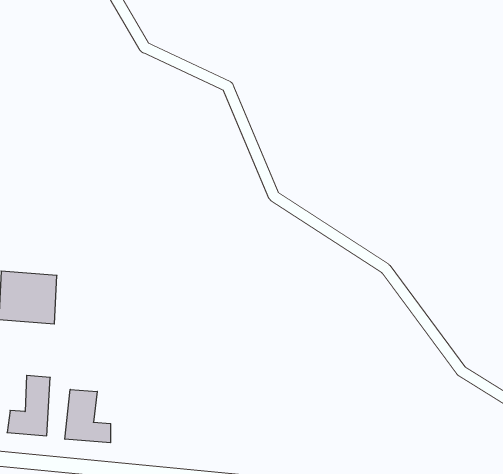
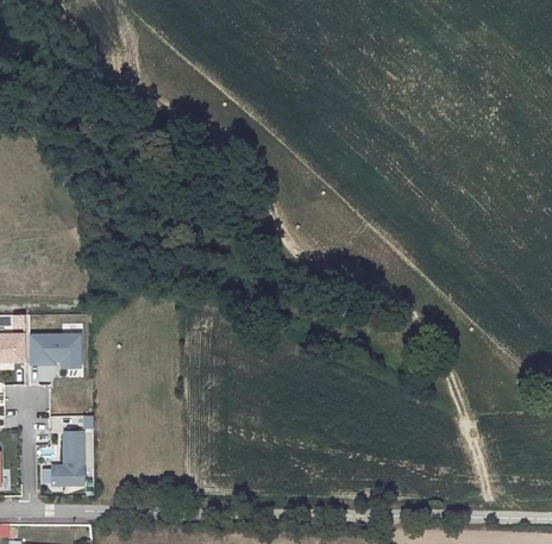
building: [65,389,111,443] -> none

